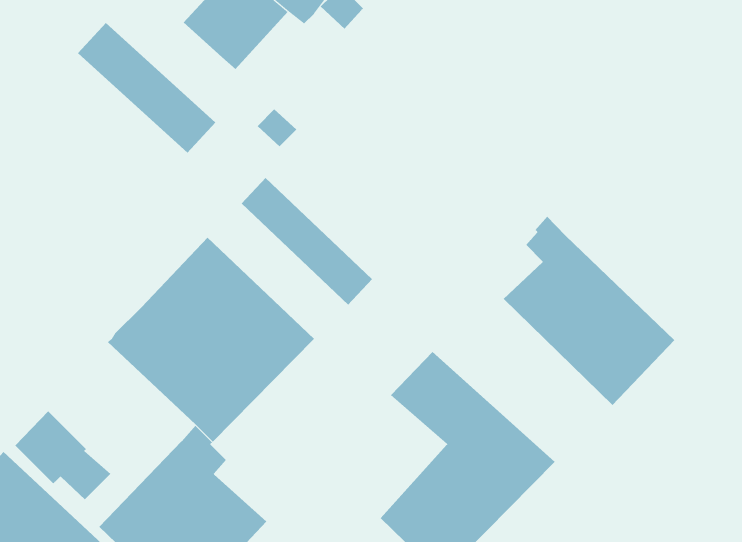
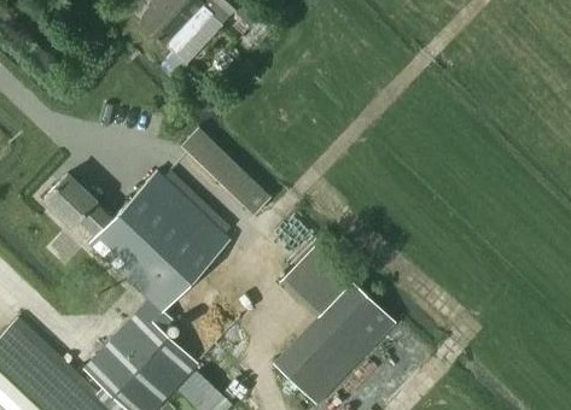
building: [77,22,216,154] -> none
building: [503,216,675,406] -> none
building: [15,410,111,500] -> [46,175,112,236]

